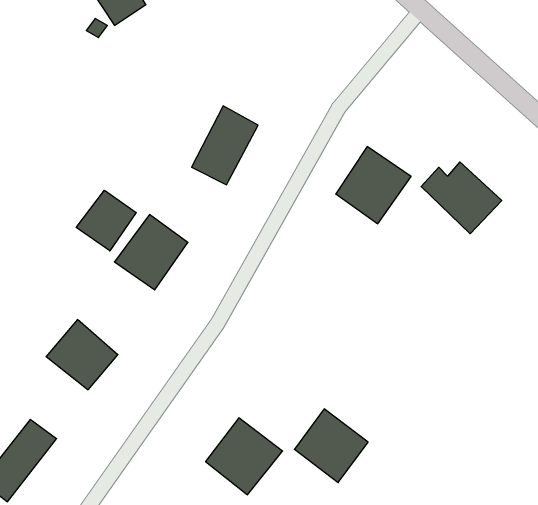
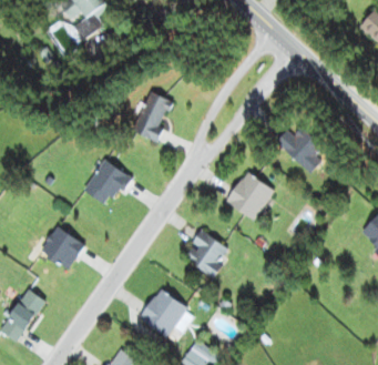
building: [336,147,411,224] -> [226,172,274,221]
building: [76,190,136,251] -> none
building: [294,409,368,483] -> [183,231,229,277]

